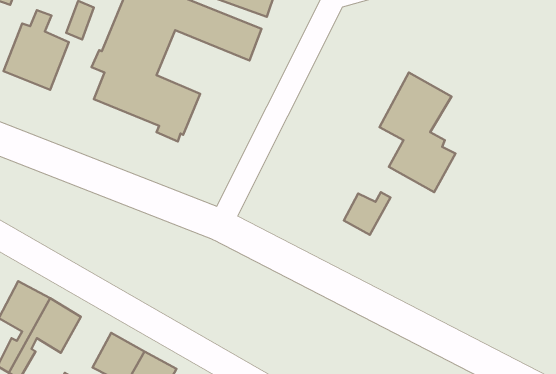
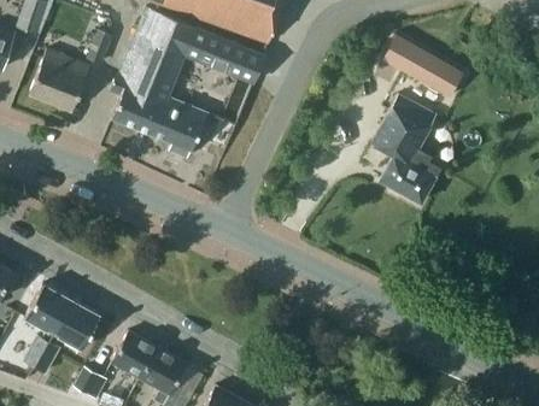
building: none -> [382,34,464,98]
building: [344,192,391,235] -> none

